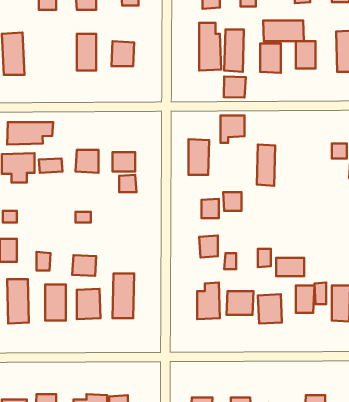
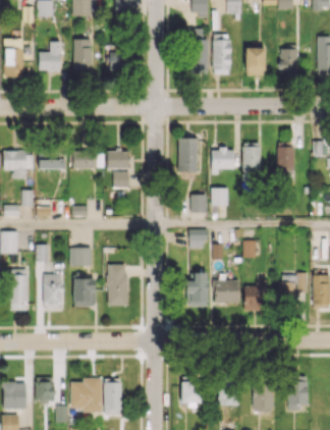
building: [263,21,304,41] -> none
building: none -> [39,41,61,70]
building: [224,77,246,98] -> none
building: [221,116,244,143] -> [212,149,234,174]
building: [7,122,53,144] -> none
building: none -> [277,142,294,173]
building: [276,258,304,276] -> none

